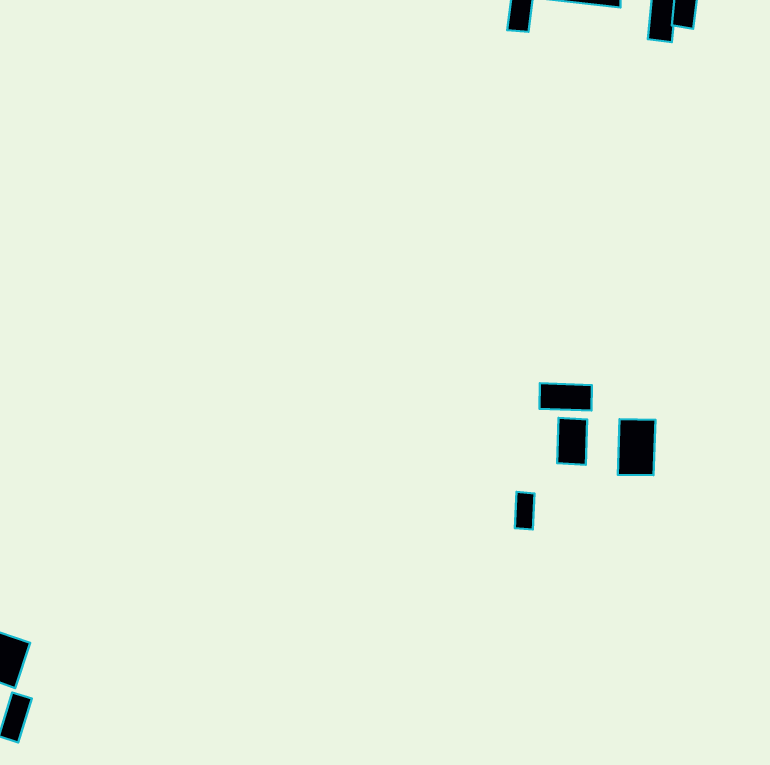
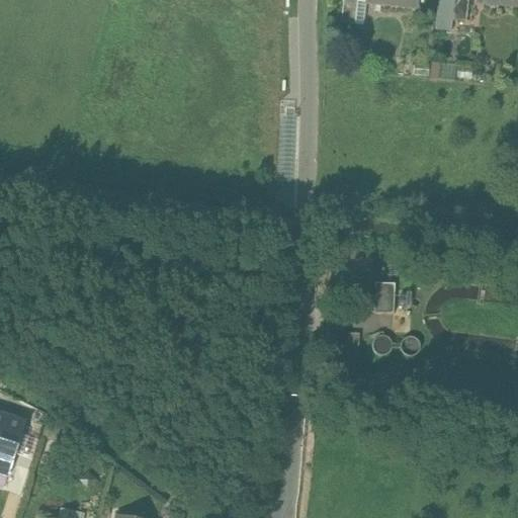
building: [539,383,592,411] -> none
building: [618,419,655,475] -> none

